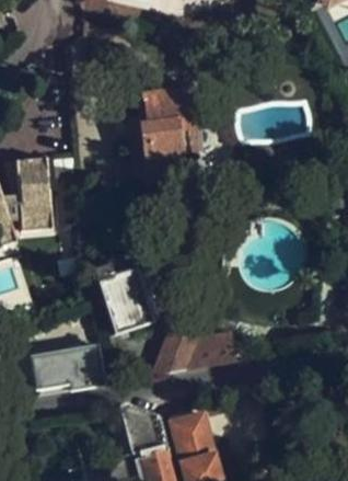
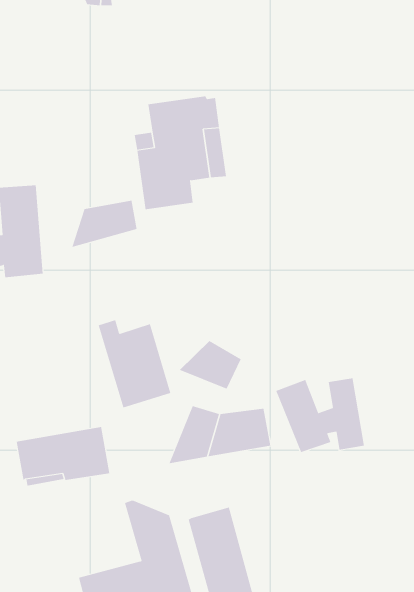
building: none -> [72,200,137,248]
building: none -> [179,340,242,389]
building: none -> [276,377,365,453]

